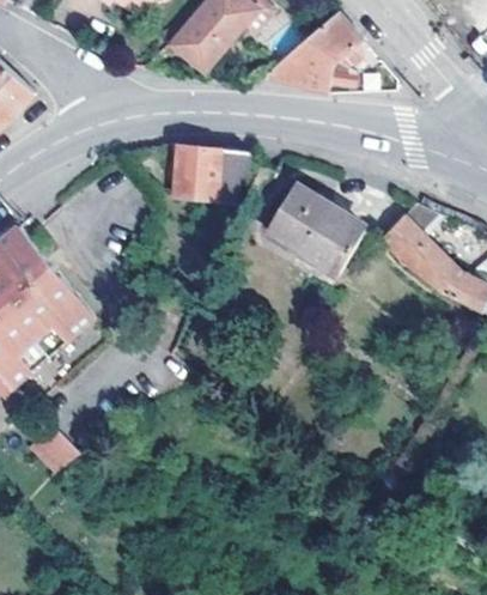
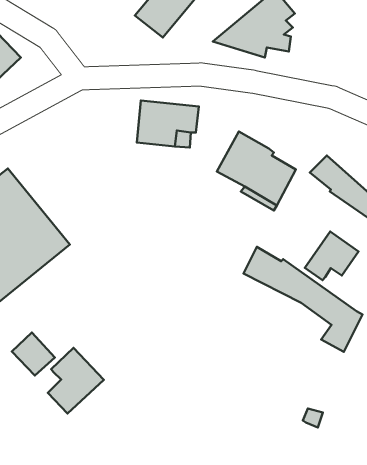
building: none -> [305,231,358,280]
building: none -> [244,247,362,352]
building: none -> [48,348,104,414]

